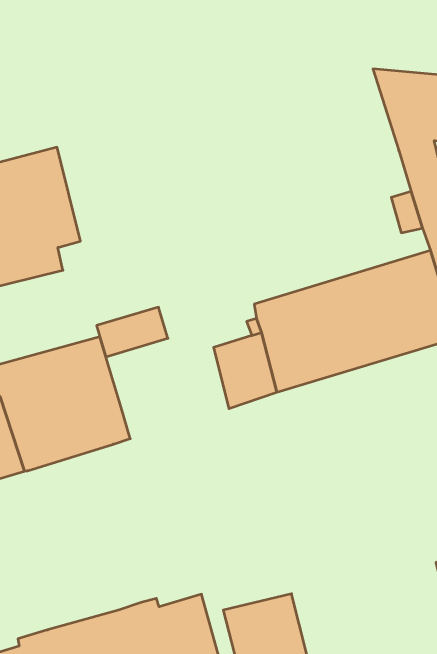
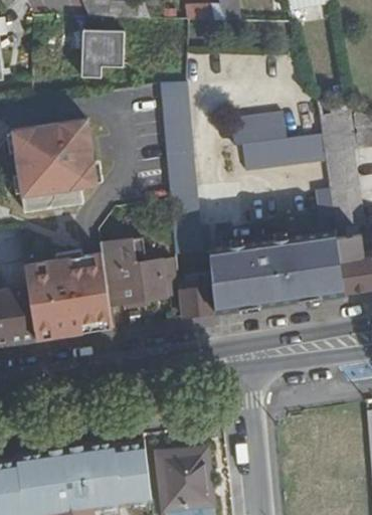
building: none -> [79,31,124,80]
building: none -> [160,82,202,253]
building: none -> [233,110,325,166]
building: none -> [104,259,174,305]

